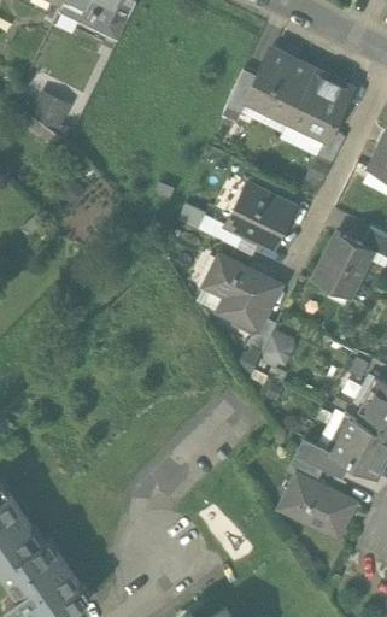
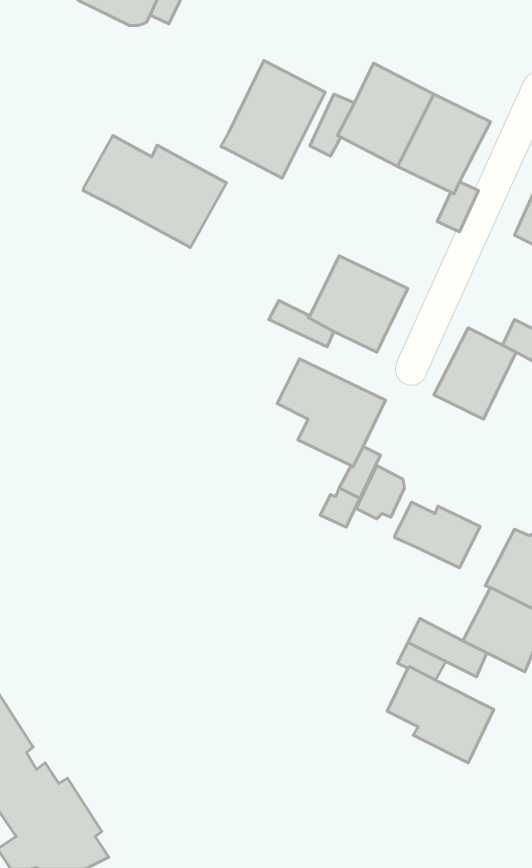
building: none -> [221,60,325,178]
building: [30,90,71,134] -> none
building: none -> [83,136,226,247]
building: none -> [394,502,480,568]

